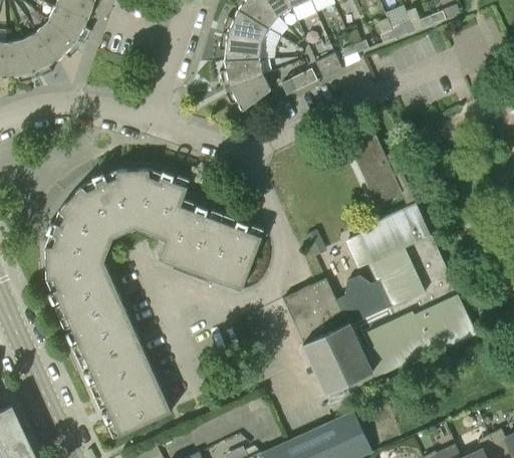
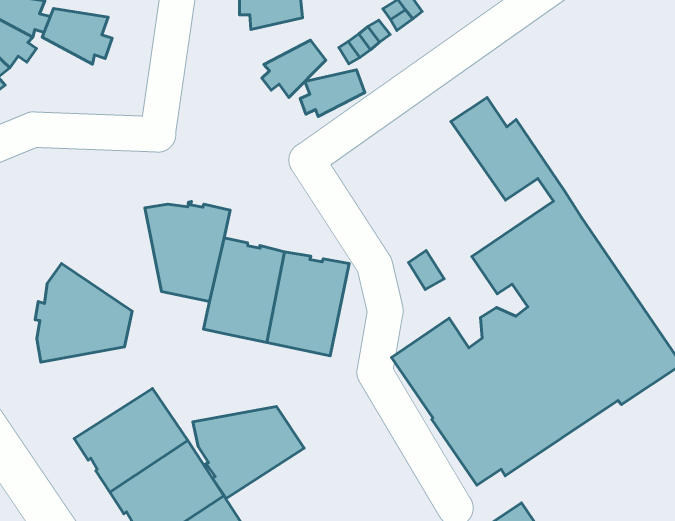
building: none -> [42,9,112,64]
building: [219,59,263,86] -> [300,70,365,117]
building: [70,170,135,238] -> none
building: [45,261,117,317] -> [193,407,304,498]

